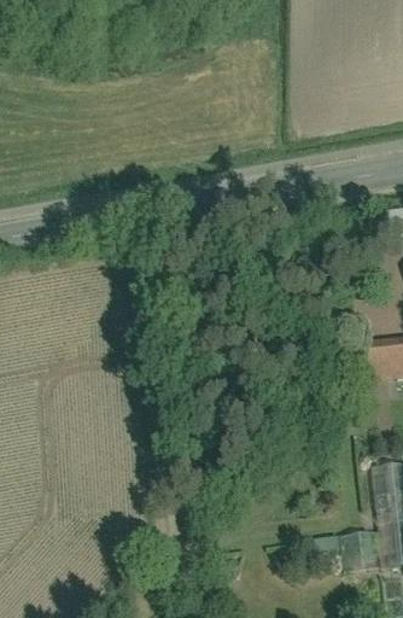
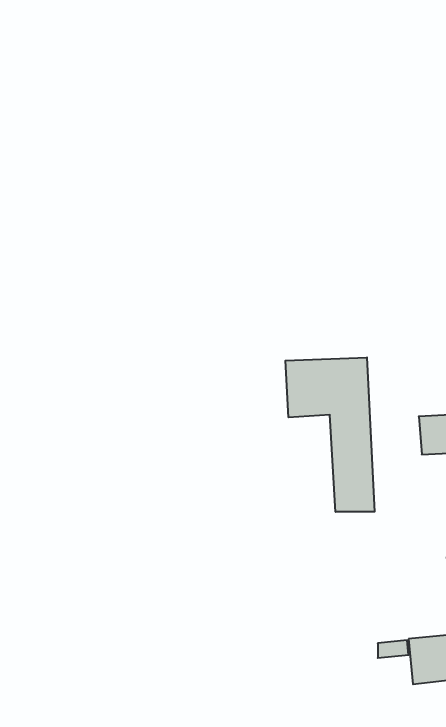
building: none -> [285,357,375,512]

